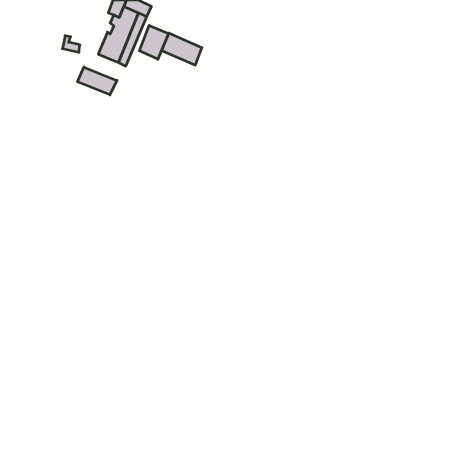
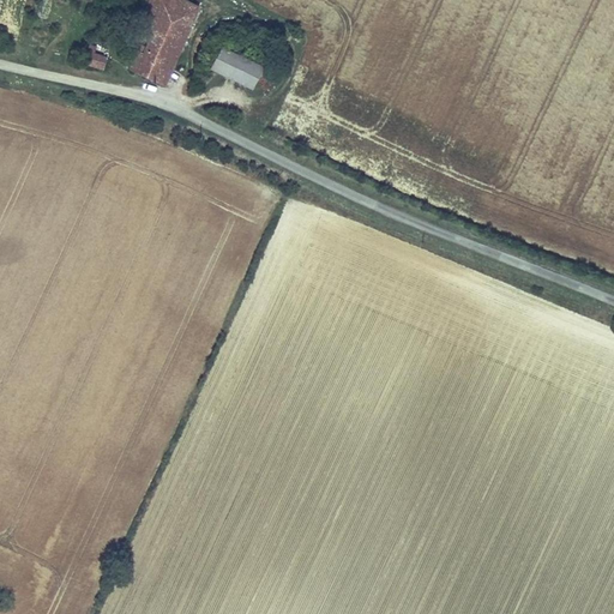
building: [139,25,168,59] -> none
building: [78,67,117,95] -> none

